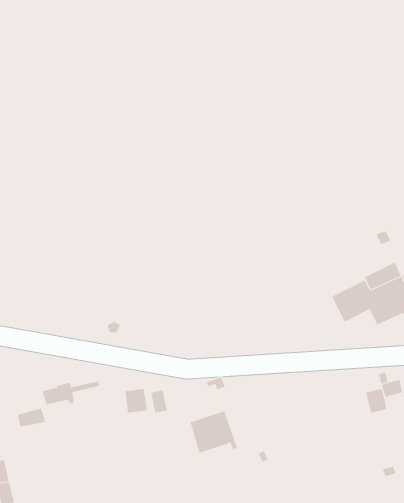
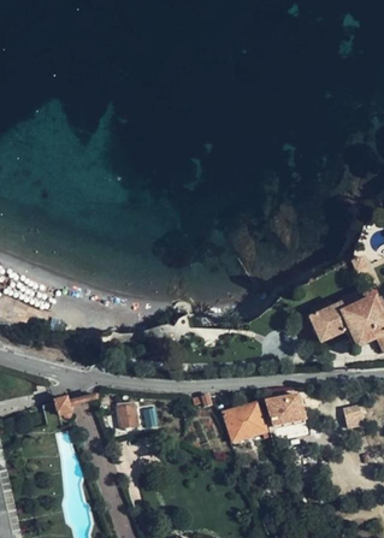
building: none -> [266,394,306,427]
building: [190,411,238,453] -> [224,402,268,442]

